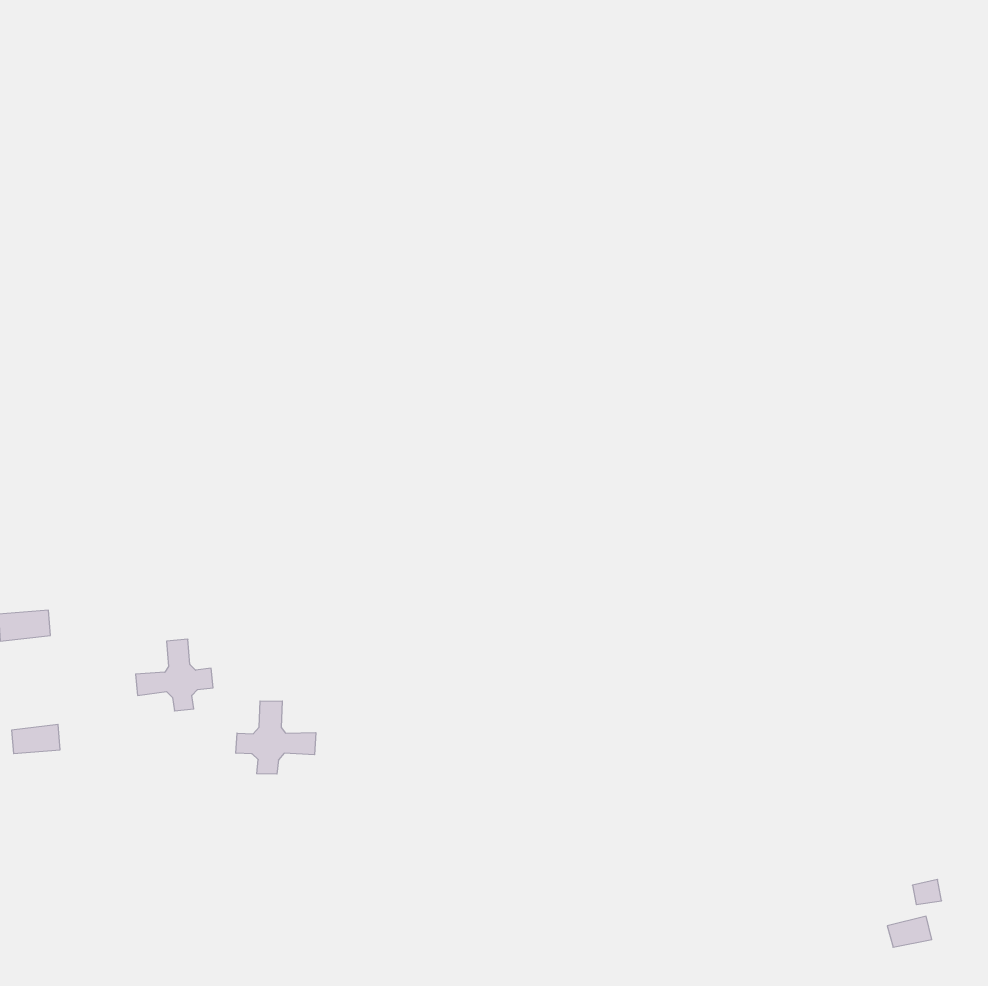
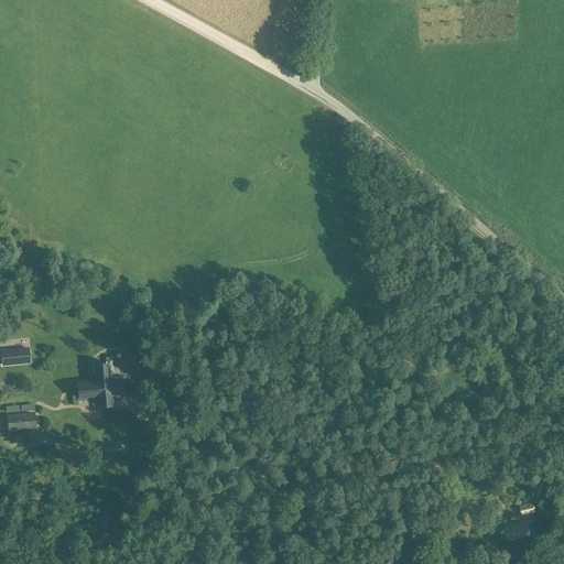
building: [236,701,316,774] -> none

